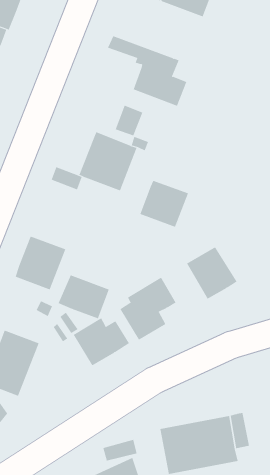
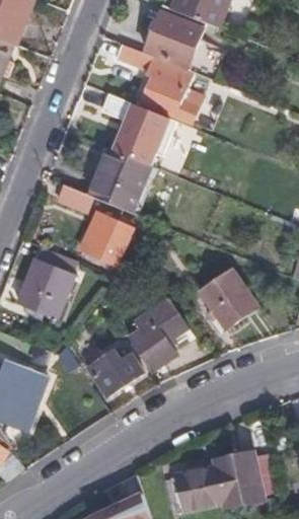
building: none -> [148,14,223,80]
building: [139,180,189,228] -> [78,216,131,267]
building: [58,275,110,319] -> none

